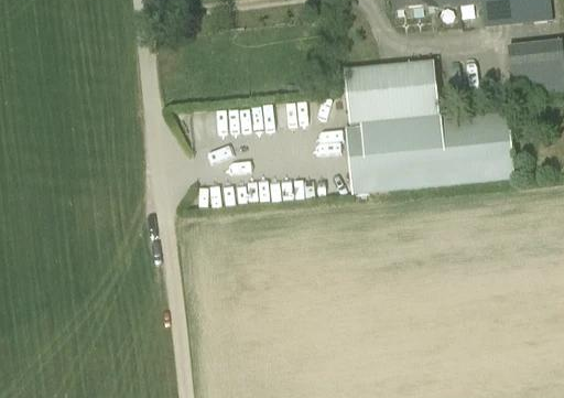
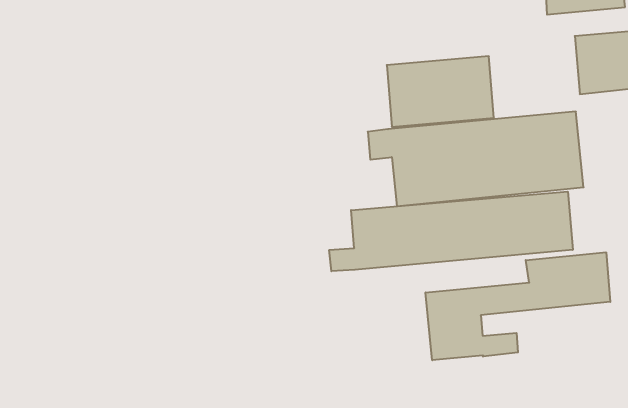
building: none -> [329,192,573,271]
building: none -> [426,252,610,360]

